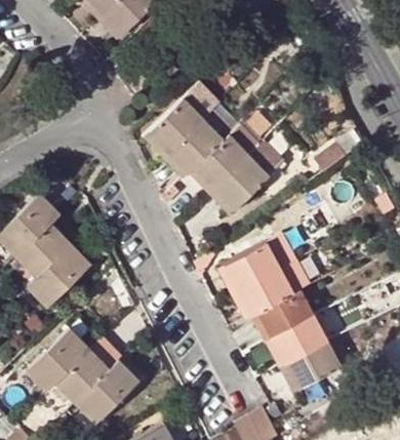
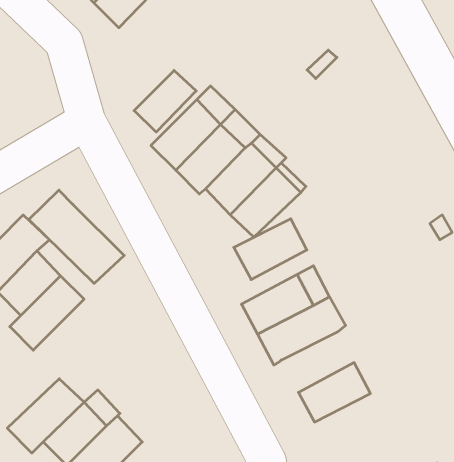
building: none -> [134,70,196,132]
building: none -> [29,190,124,283]
building: [253,290,314,341] -> [234,219,307,280]
building: [281,342,341,391] -> none

